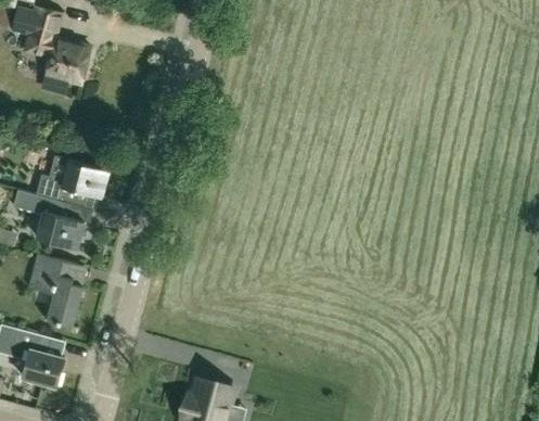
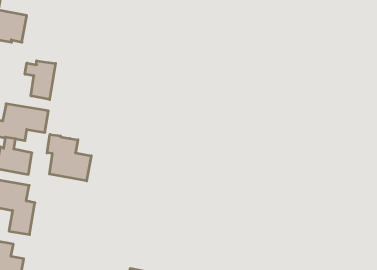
building: none -> [25,61,56,100]
building: none -> [47,134,91,181]

